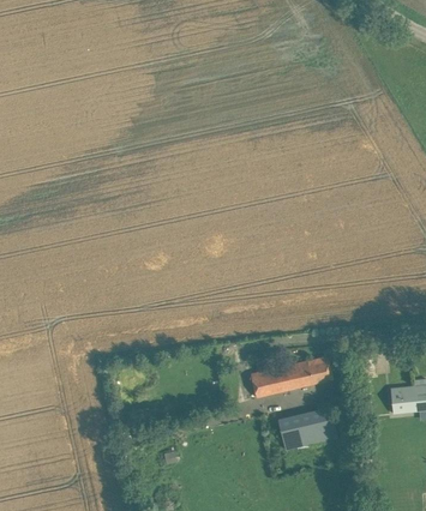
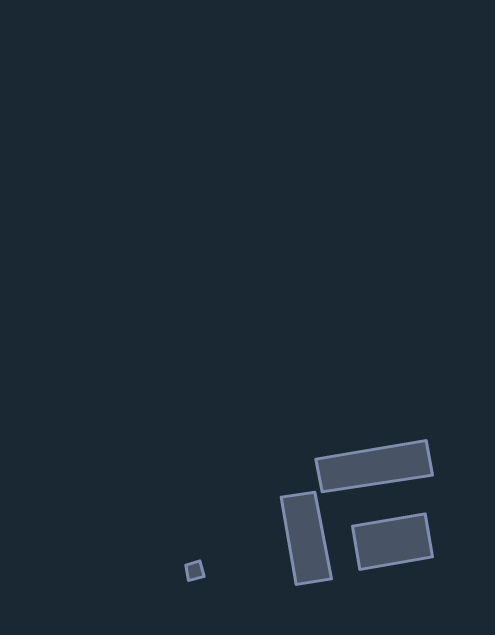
building: none -> [281,492,331,585]

